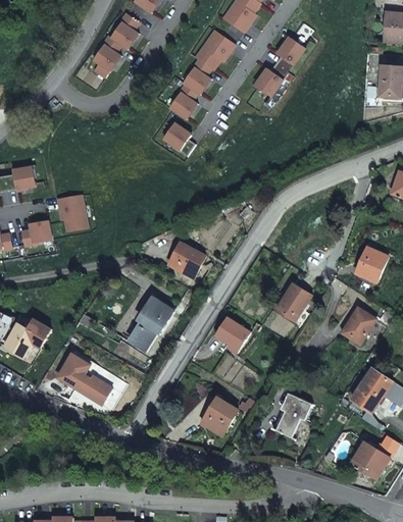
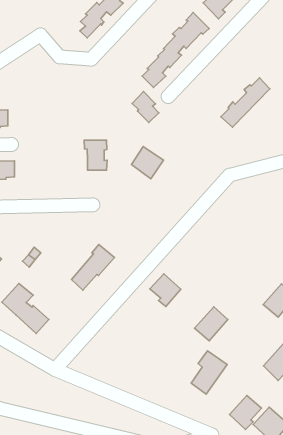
building: [255,37,303,95] -> [221,78,270,127]
building: [55,194,85,229] -> [84,140,107,170]
building: [169,241,203,274] -> [132,147,163,179]
building: [275,282,310,320] -> [194,307,228,341]
building: [202,398,238,435] -> none
building: none -> [229,396,262,430]

